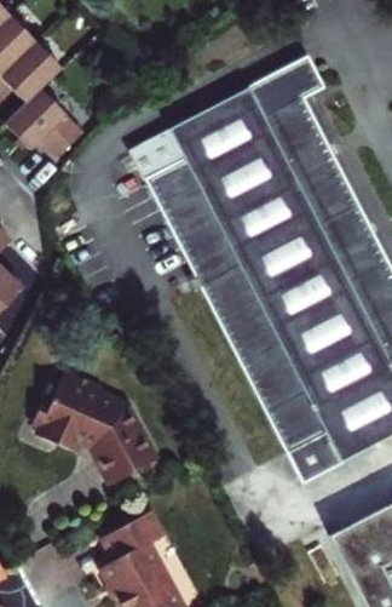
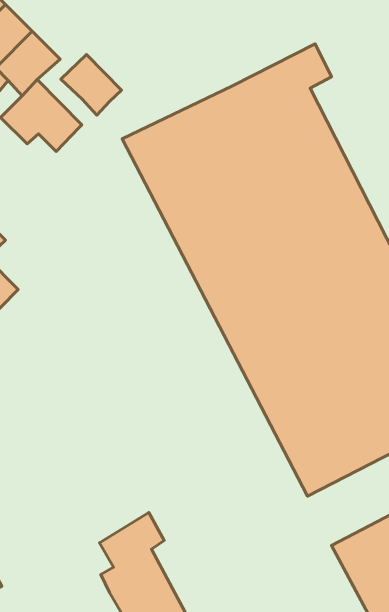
building: none -> [61,54,121,115]
building: [27,361,150,476] -> none

